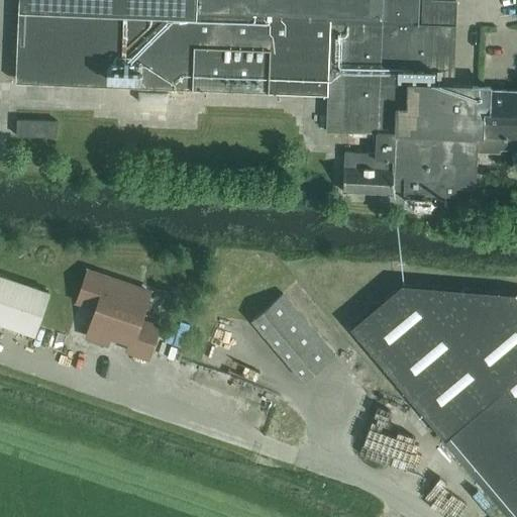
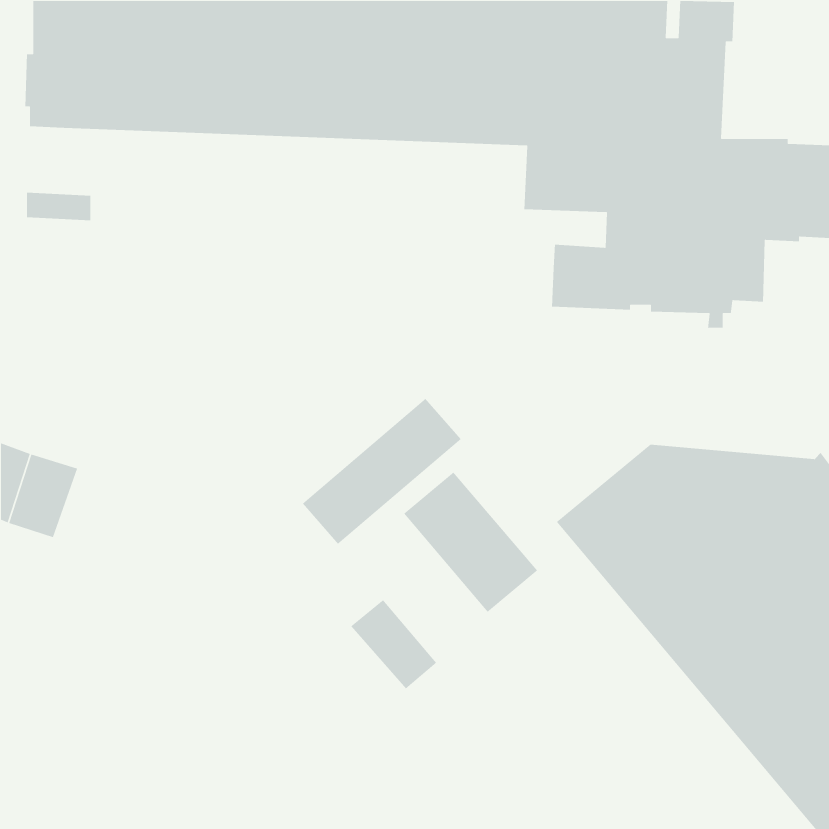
building: none -> [302,398,462,545]
building: [79,272,158,357] -> none
building: none -> [350,599,437,689]

